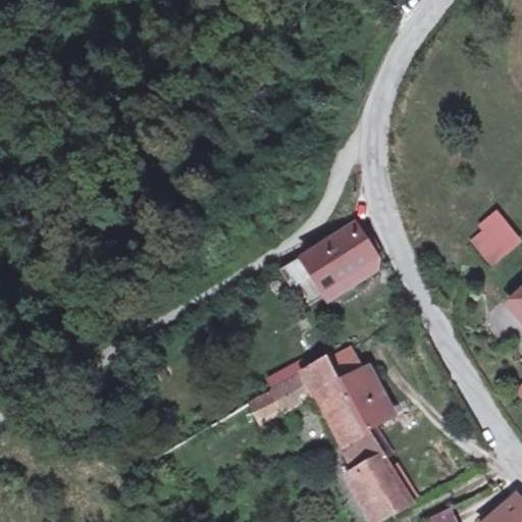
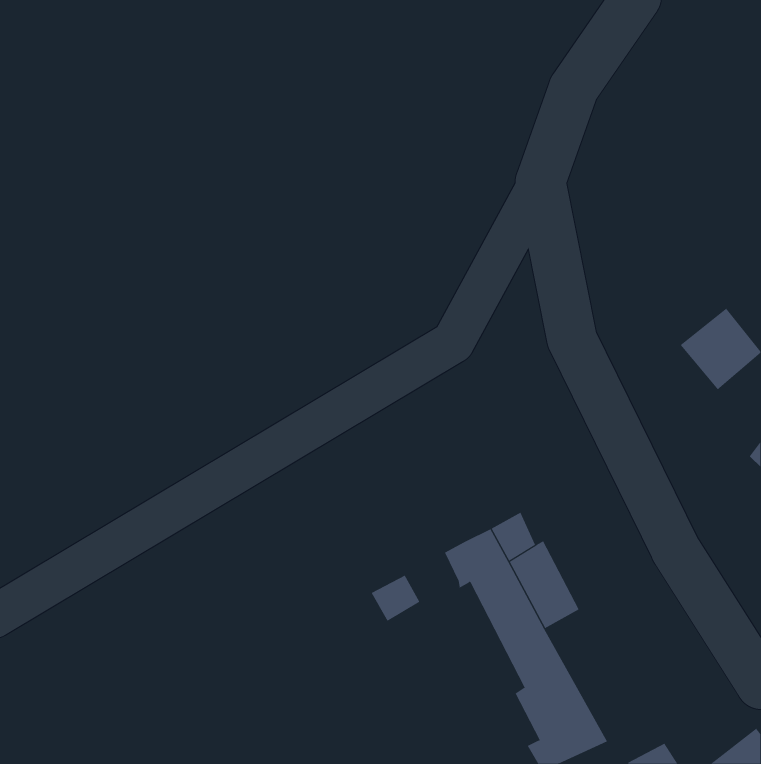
building: [288,226,381,294] -> none
building: [273,360,315,409] -> none

